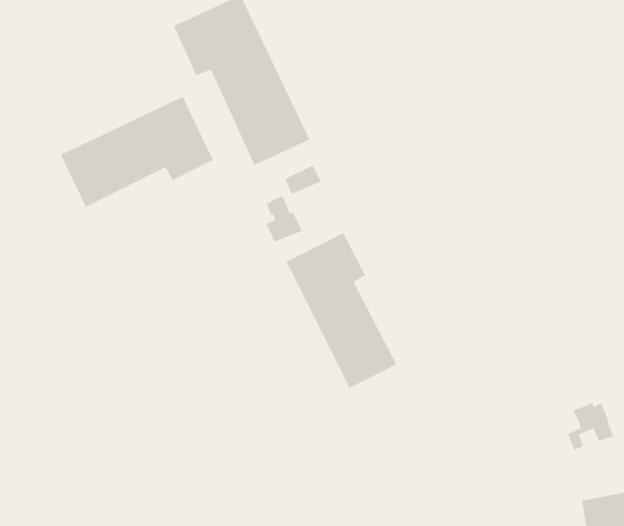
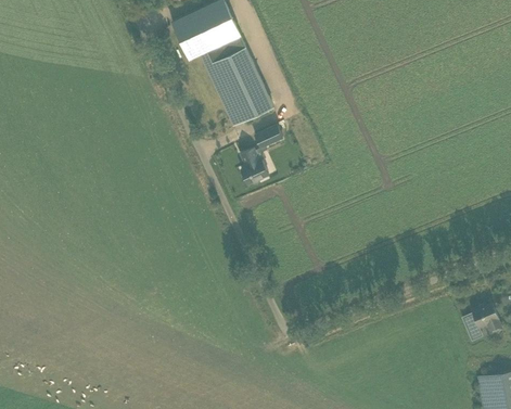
building: [60,96,214,208] -> none
building: [285,232,397,389] -> none

